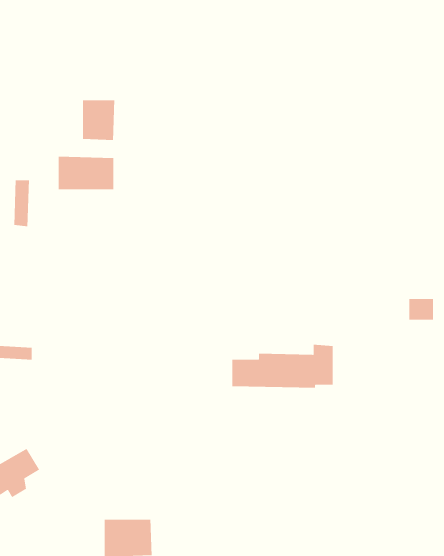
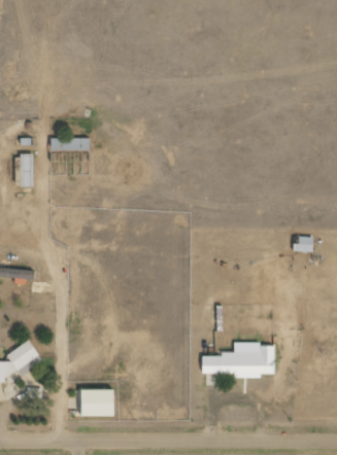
building: [82,100,115,141] -> none
building: [231,344,334,388] -> [202,345,273,376]

